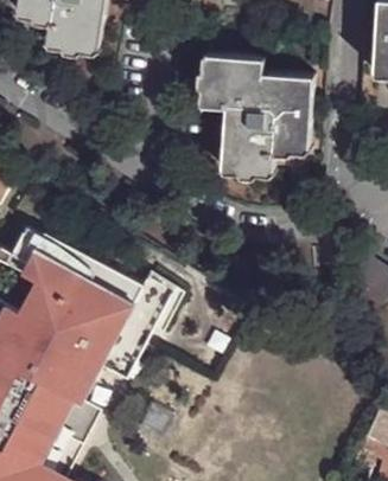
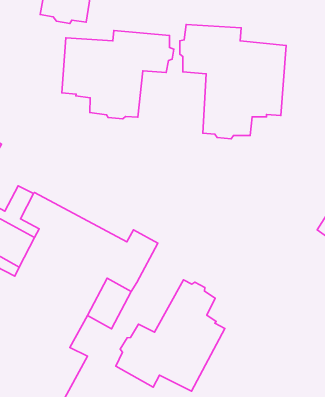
building: none -> [62,30,174,119]
building: none -> [116,280,225,391]

